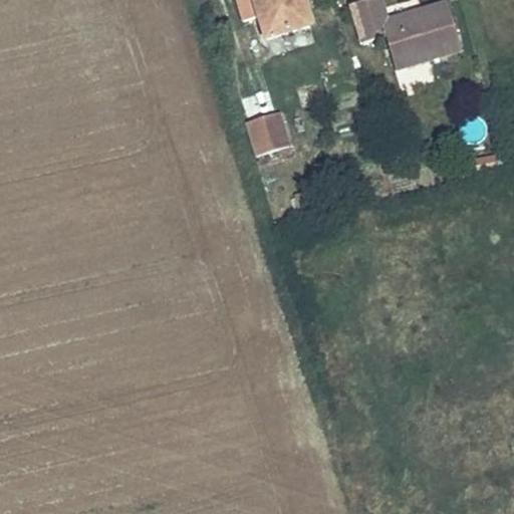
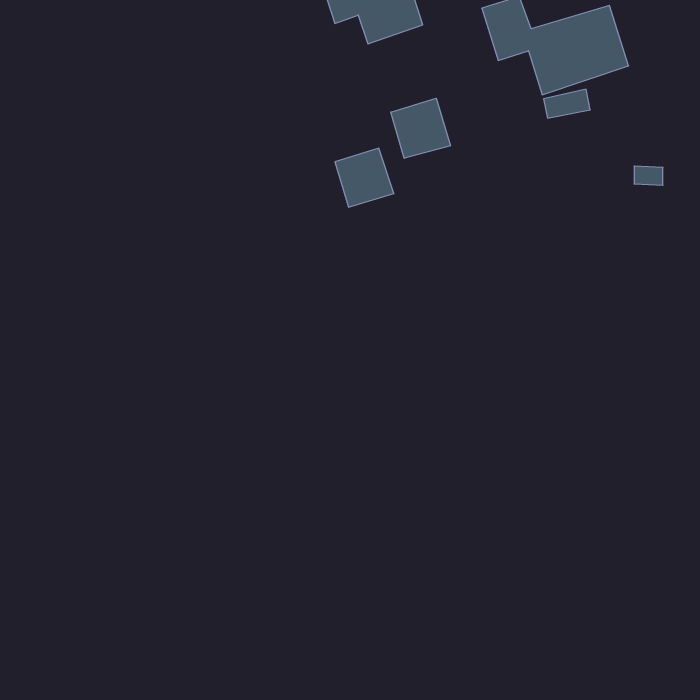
building: none -> [391,98,450,158]

